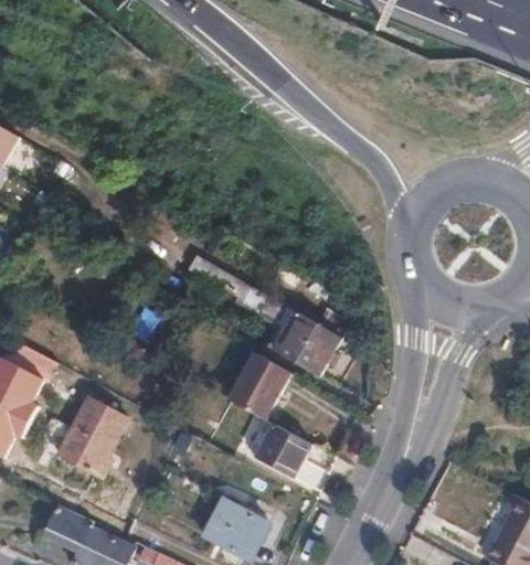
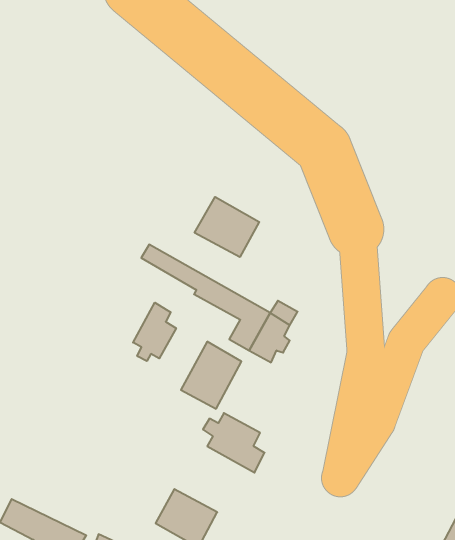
building: none -> [195,197,259,257]
building: none -> [133,303,176,361]
building: [59,398,124,476] -> none

